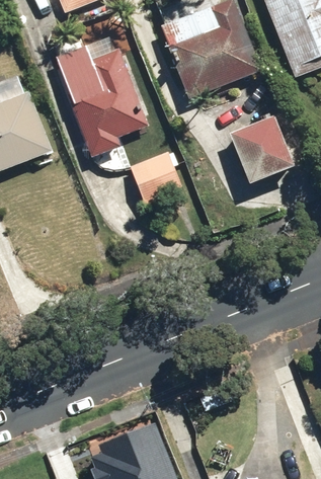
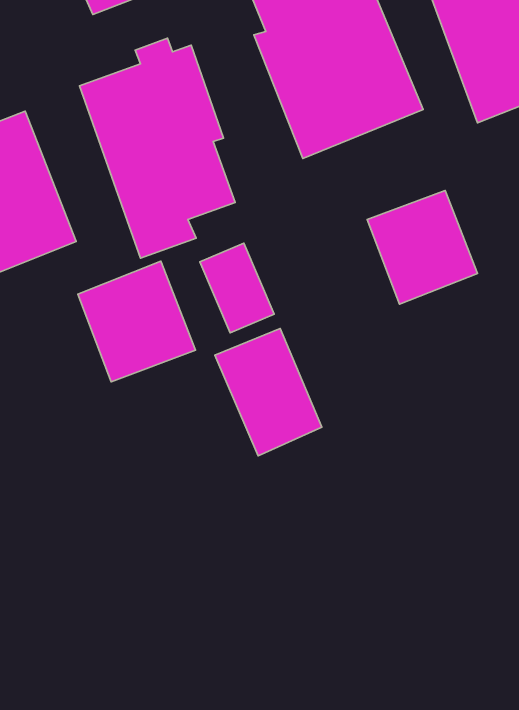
building: none -> [78,261,195,382]
building: none -> [215,328,322,456]

